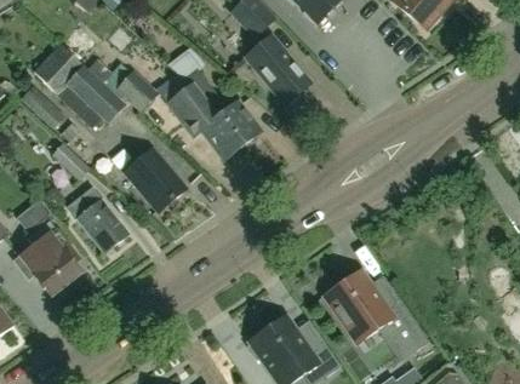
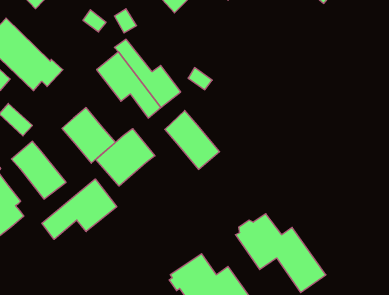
building: [247,35,310,103] -> [165,110,220,169]
building: [107,64,160,111] -> none
building: none -> [96,129,155,186]
building: none -> [42,179,117,239]

